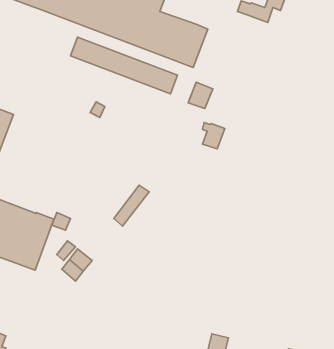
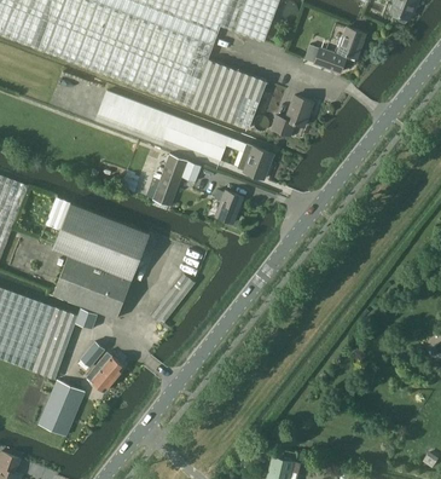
building: none -> [272,96,312,135]
building: none -> [152,155,201,207]
building: none -> [45,195,151,318]
building: [202,122,225,149] -> [215,190,243,223]
building: none -> [39,381,83,435]

